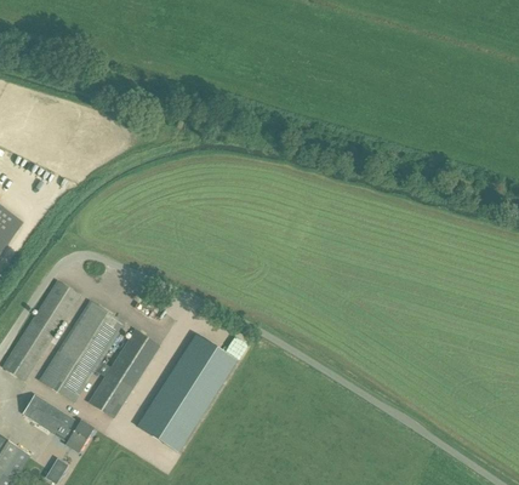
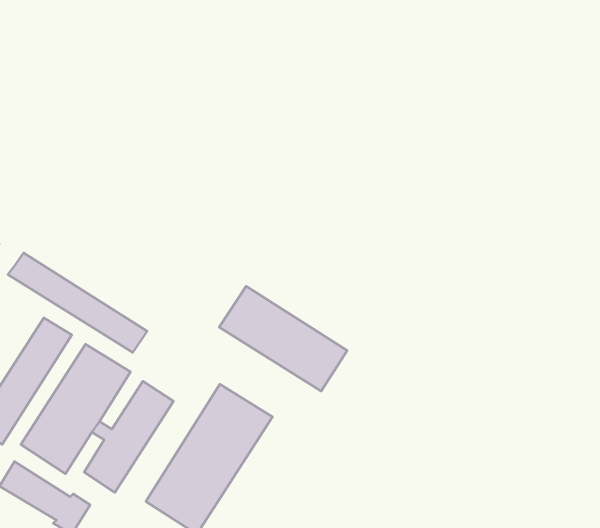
building: none -> [8,253,147,352]
building: none -> [219,286,347,391]

